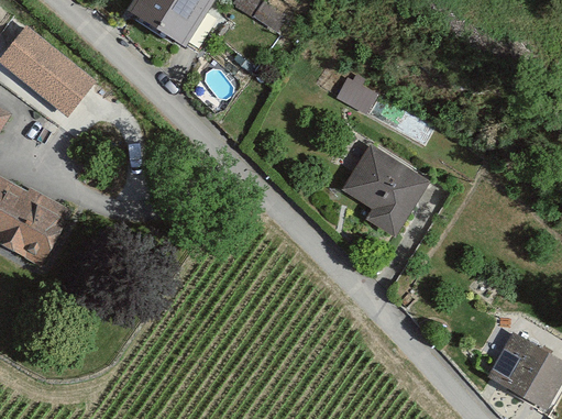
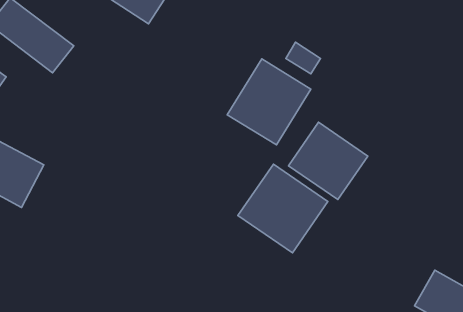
building: none -> [227,59,311,145]
building: none -> [238,164,328,253]

